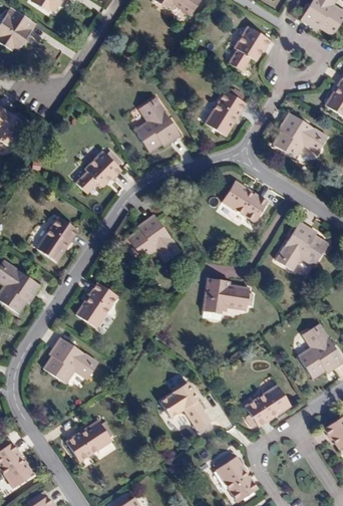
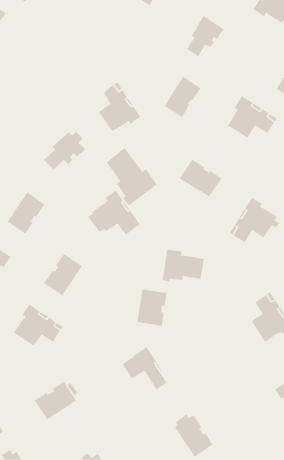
building: none -> [106,147,158,206]
building: none -> [137,289,167,327]
building: [245,386,290,427] -> none

